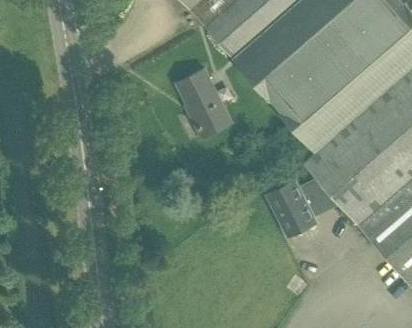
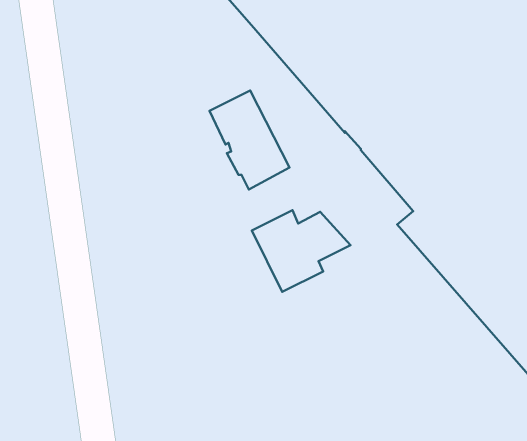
building: [267,182,335,238] -> [252,210,351,292]

